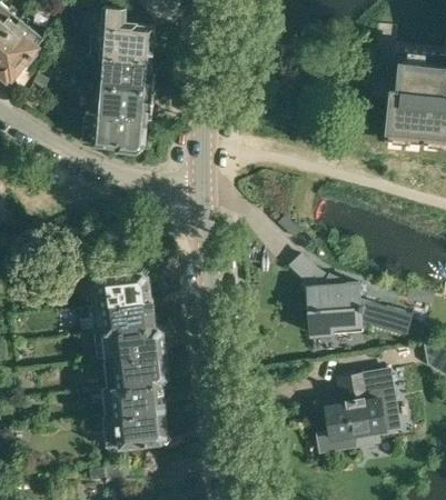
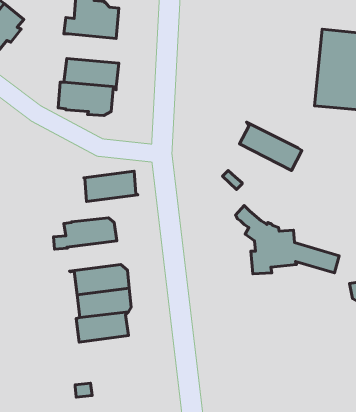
building: [93,56,157,90] -> none
building: none -> [239,122,302,171]
building: [93,298,157,333] -> [84,171,138,201]
building: [317,370,399,452] -> none
building: [105,409,168,448] -> none

